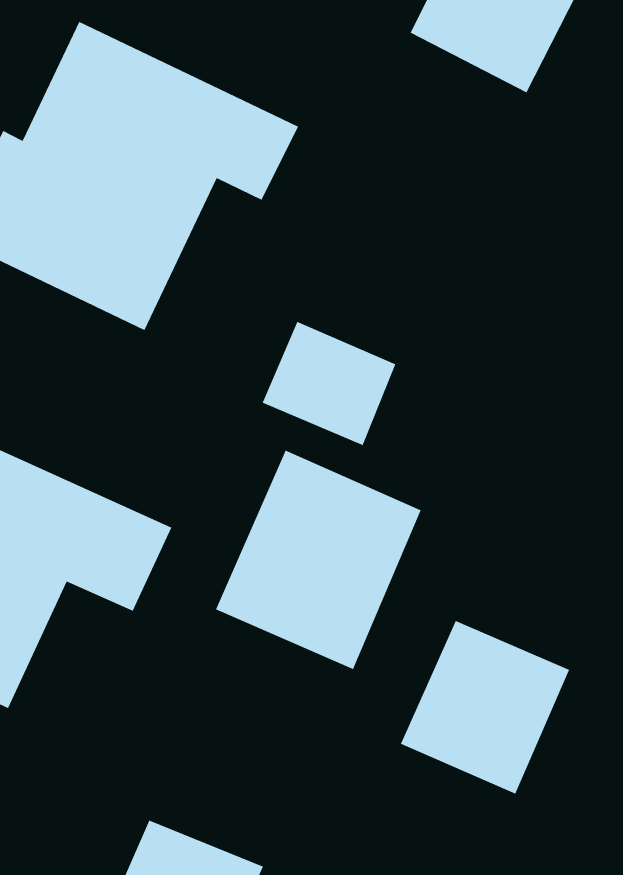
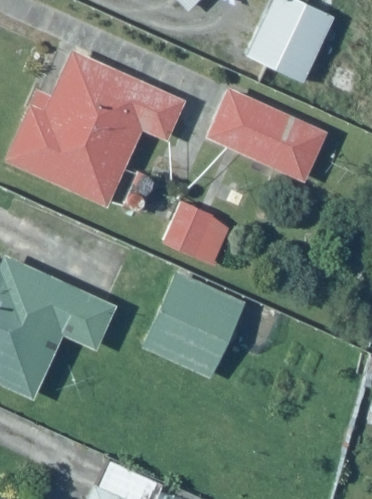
building: none -> [209,83,333,185]
building: [400,620,570,795] -> none

